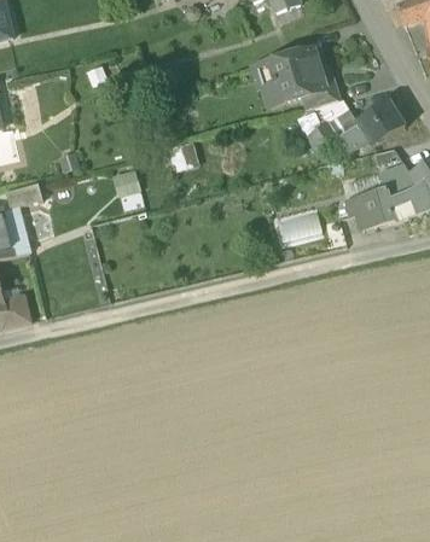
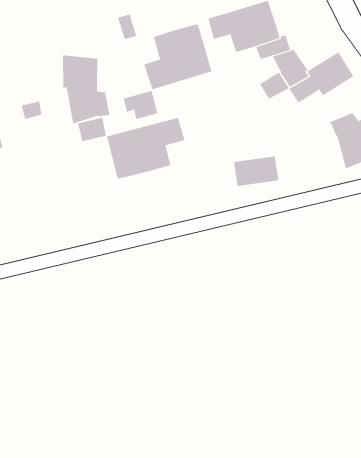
building: none -> [144,23,212,90]
building: none -> [62,54,110,124]
building: none -> [107,117,185,179]
building: [347,187,395,228] -> none

